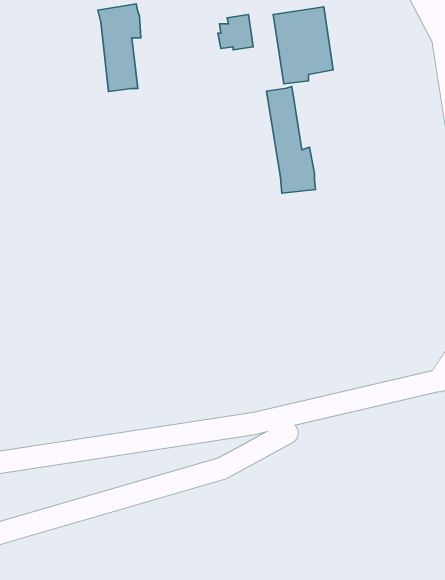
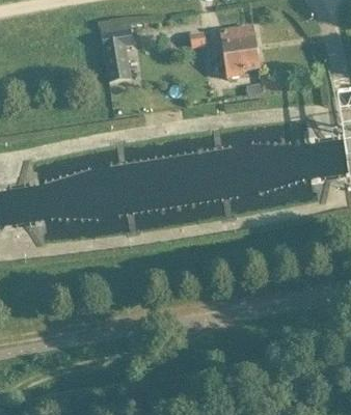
building: [266,86,316,193] -> none

